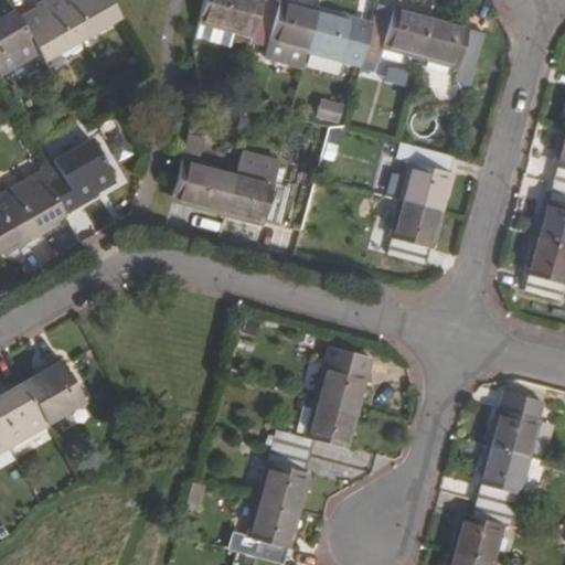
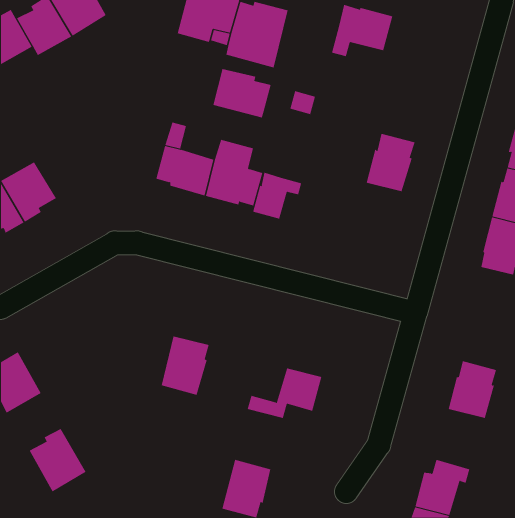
building: [308,11,372,65] -> [213,69,272,118]
building: [422,18,487,86] -> none
building: [45,141,115,215] -> none
building: none -> [253,172,302,219]
building: [390,199,441,262] -> none
building: [316,345,366,409] -> none
building: [24,358,87,427] -> [29,428,87,492]
building: [259,445,312,510] -> [161,336,209,396]
building: [478,445,532,510] -> none

